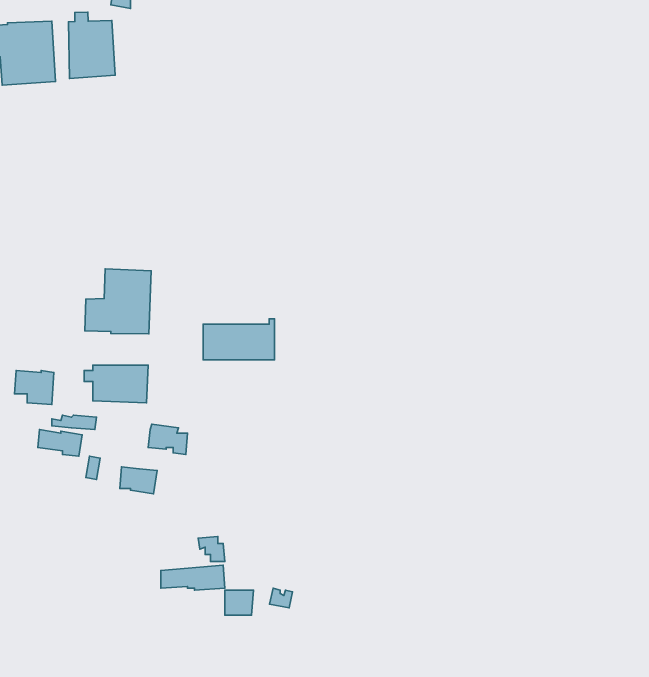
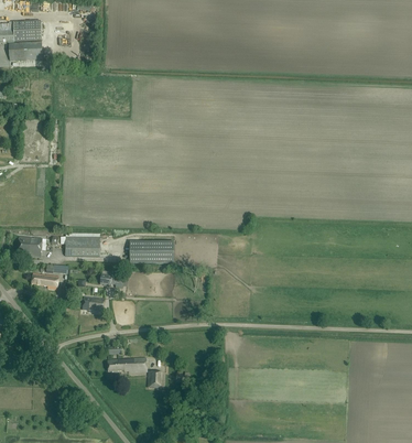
building: [68,12,115,78] -> none
building: [85,269,151,334] -> none
building: [203,319,275,360] -> [130,238,174,263]

